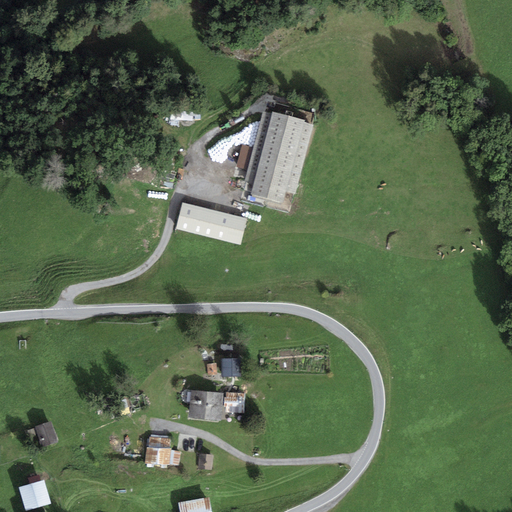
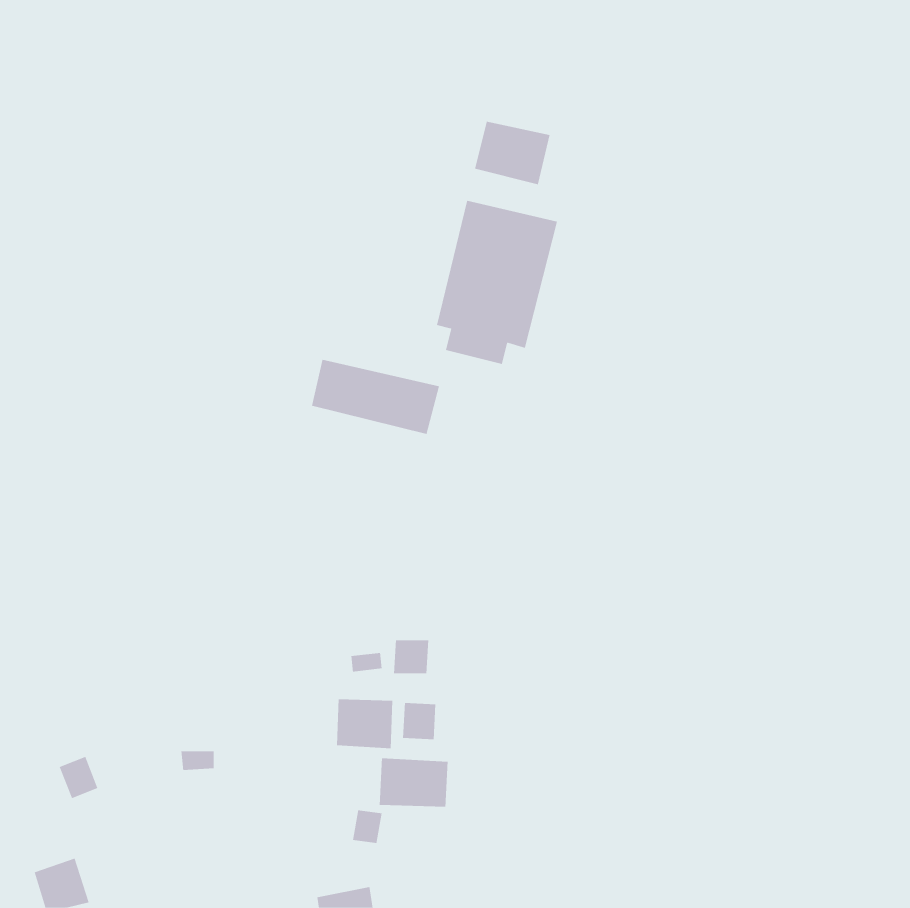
building: none -> [475,121,550,185]
building: none -> [379,758,448,807]
building: [144,447,170,465] -> none

